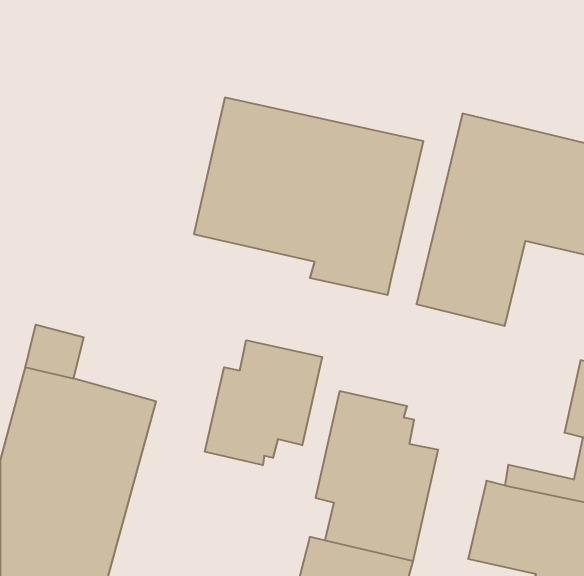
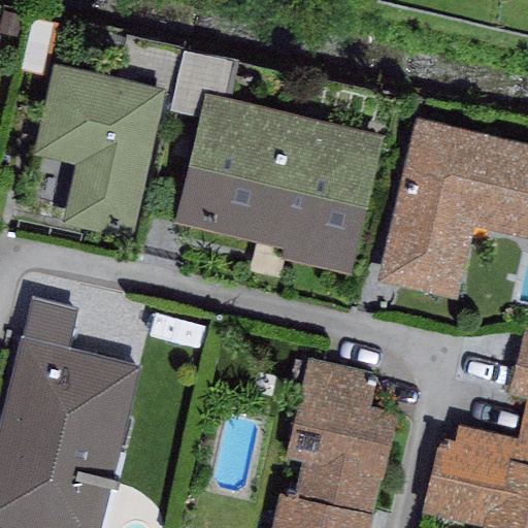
building: none -> [31,61,166,238]
building: [205,340,322,465] -> none

